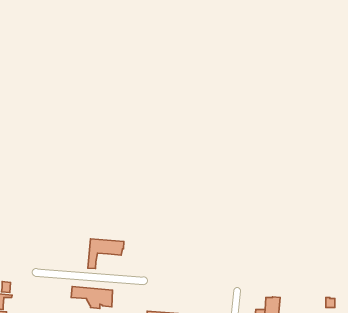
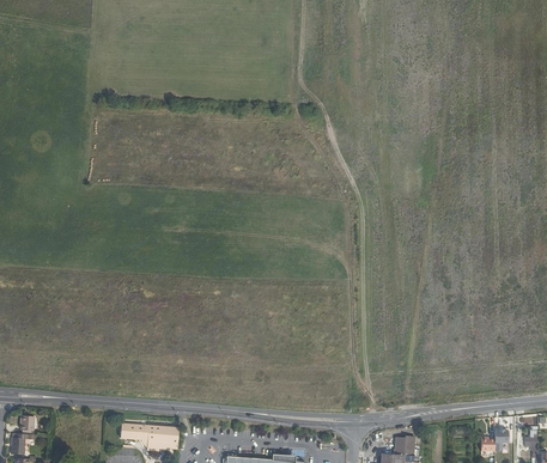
building: [88,239,124,269] -> none

